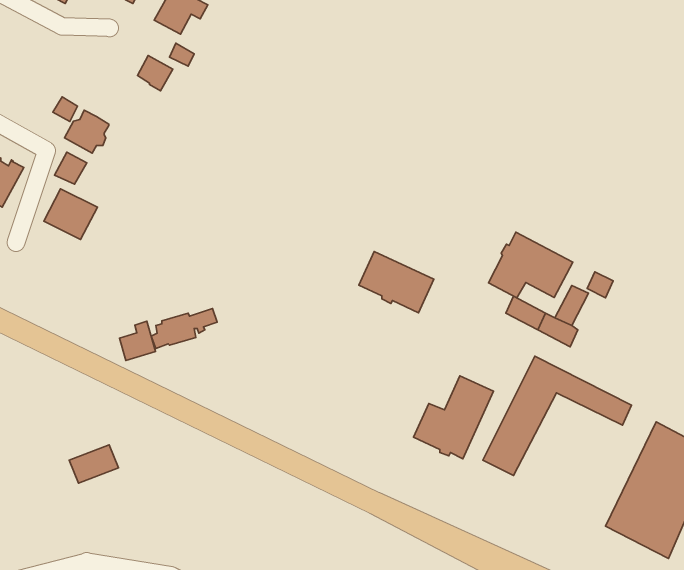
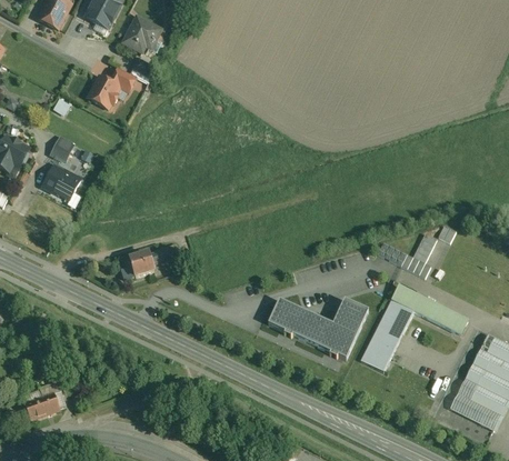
building: [64,110,109,153] -> [88,76,120,107]
building: [488,232,573,298] -> none
building: [359,251,434,313] -> [268,298,322,342]
building: [119,321,156,360] -> none
building: [69,445,118,483] -> [24,392,60,420]

